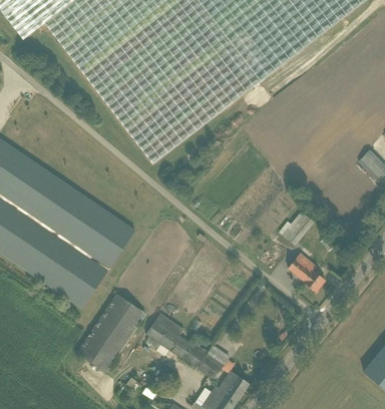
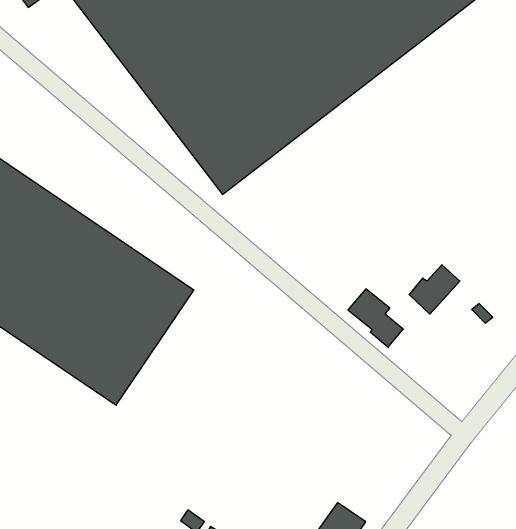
building: [288,253,325,292] -> [348,289,403,347]
building: [76,293,145,372] -> none
building: [145,319,224,379] -> none

